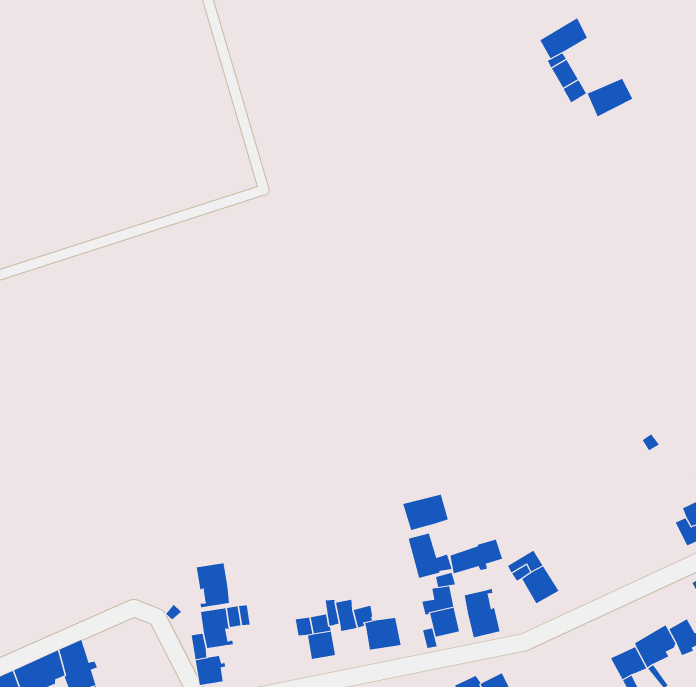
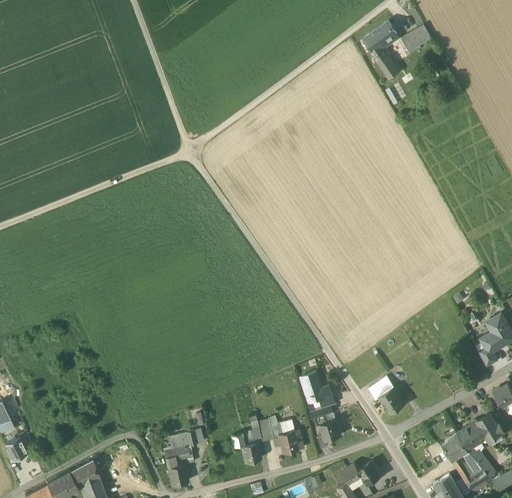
building: [587,78,633,117] -> [400,26,431,53]
building: [402,494,448,531] -> none
building: [450,539,503,574] -> none
building: [196,563,229,608] -> none
building: [464,588,500,638] -> none

